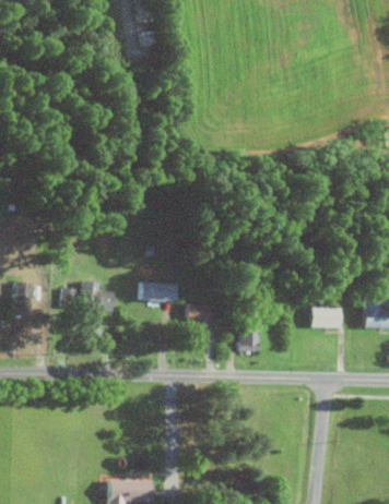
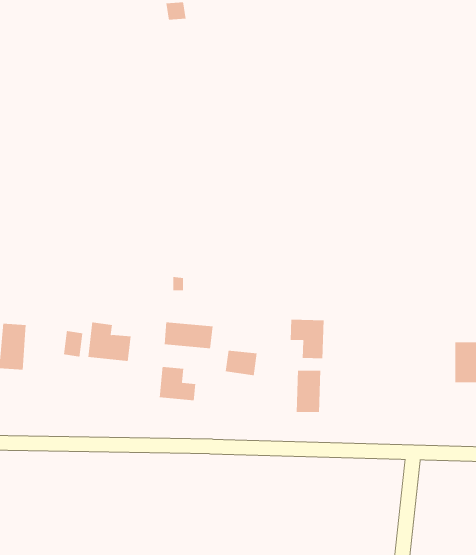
building: none -> [290,319,324,359]
building: [310,307,341,328] -> none
building: none -> [159,366,196,401]

